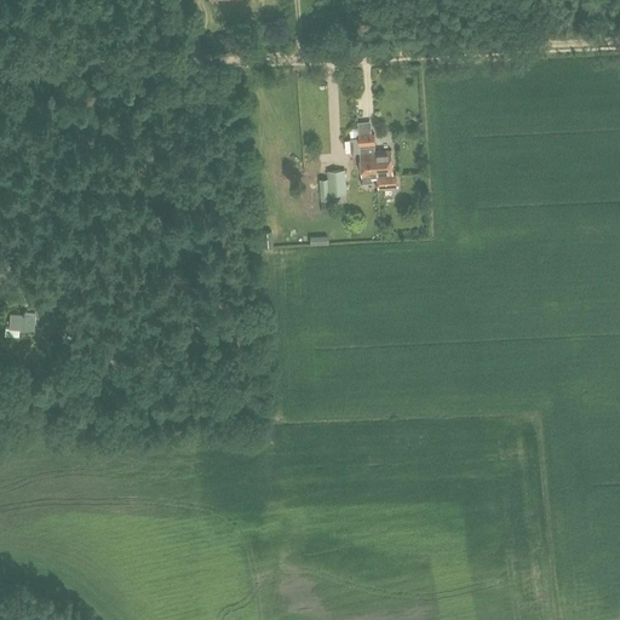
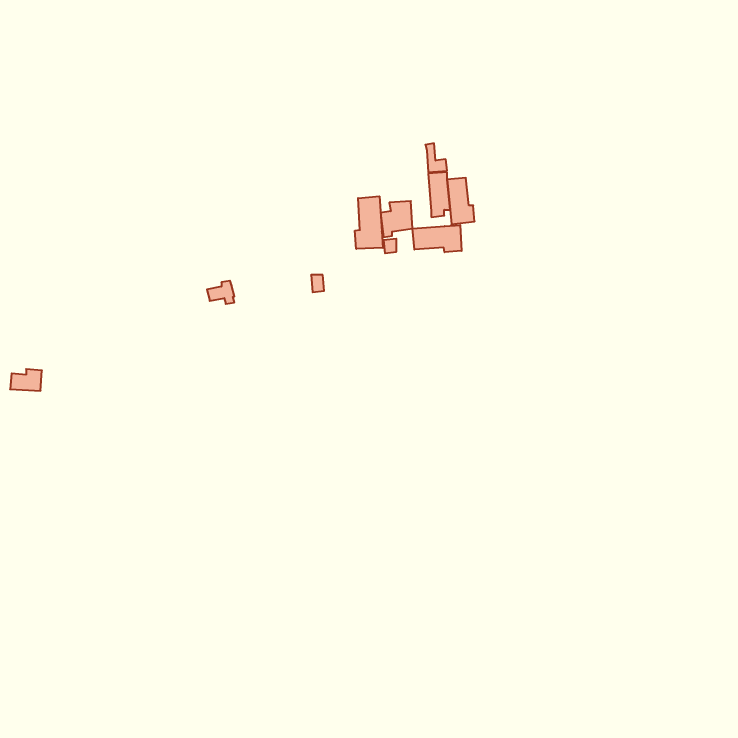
building: none -> [355,196,383,249]
building: none -> [412,225,462,252]

